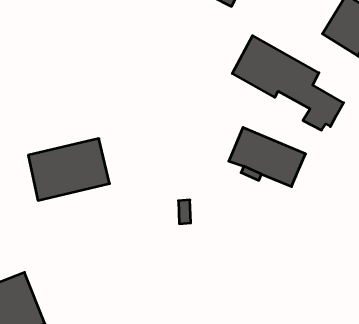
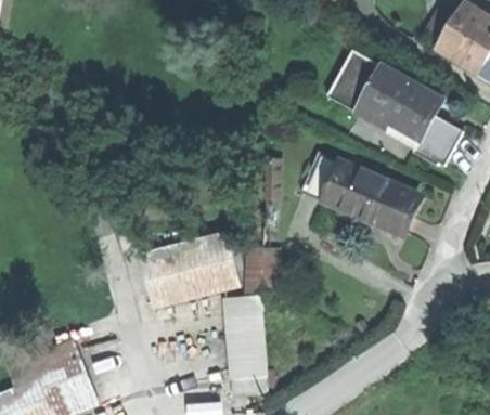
building: none -> [299,152,341,203]
building: [28,139,110,200] -> [141,232,241,308]
building: none -> [227,311,267,394]

